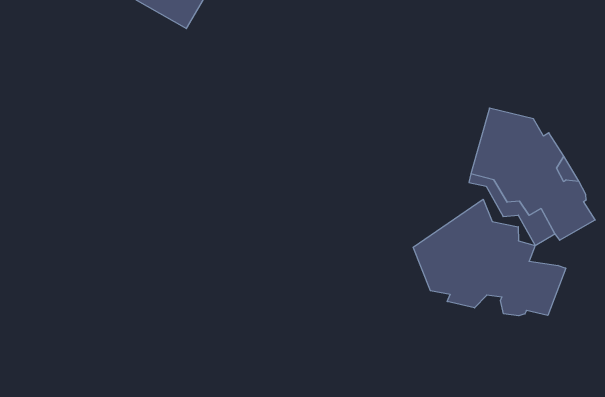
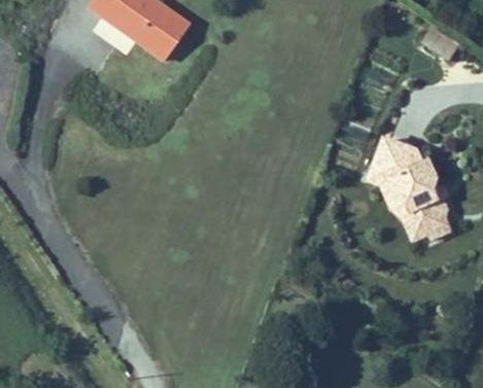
building: [413,199,566,316] -> none

